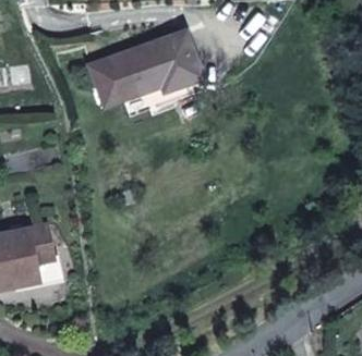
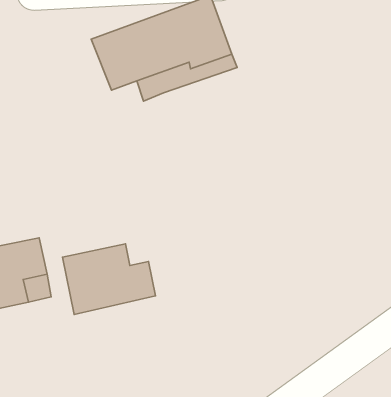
building: none -> [63,244,156,314]

